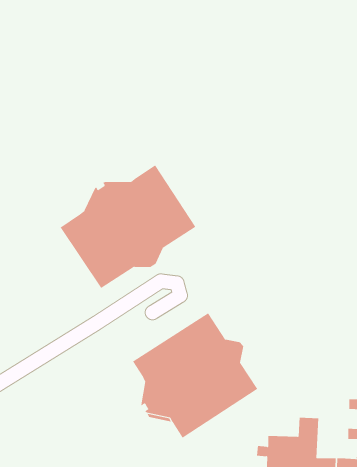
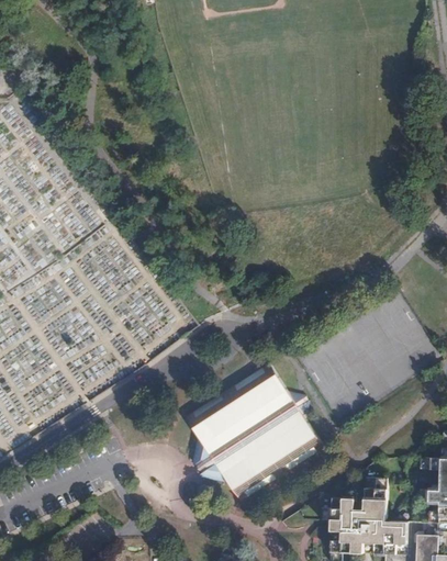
building: [60,164,196,289] -> none

